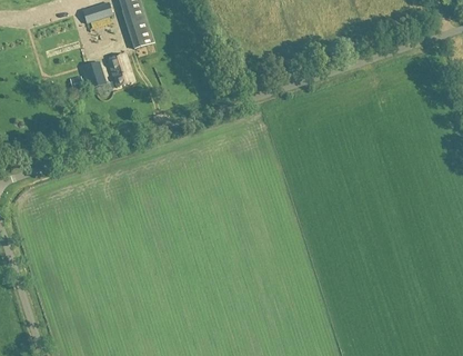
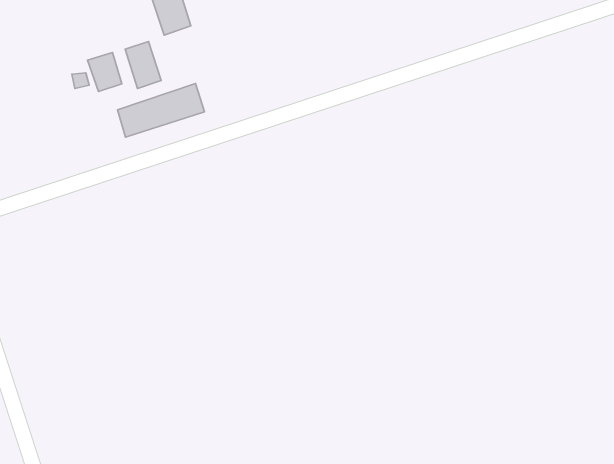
building: none -> [117,83,205,137]

